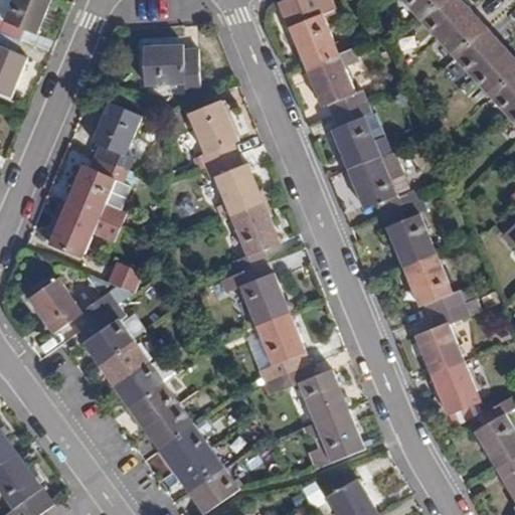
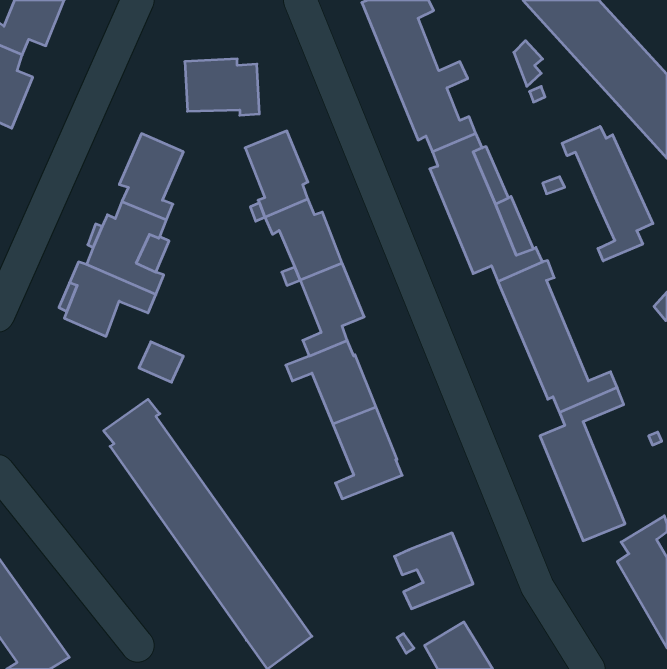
building: none -> [562,126,653,261]
building: [28,279,114,334] -> none
building: [263,365,347,422] -> none

